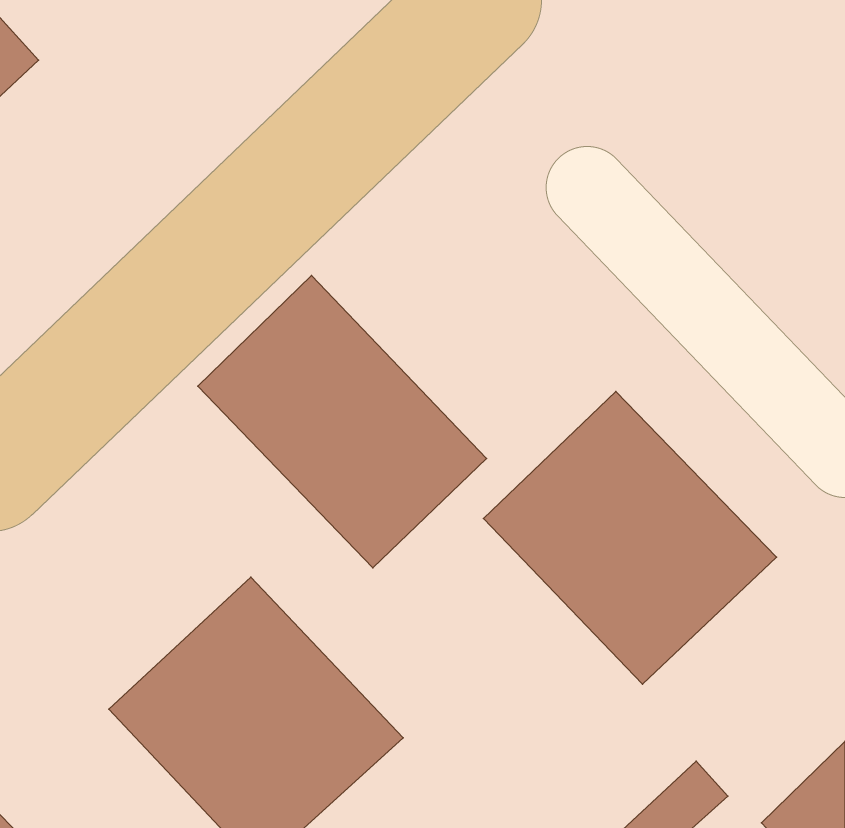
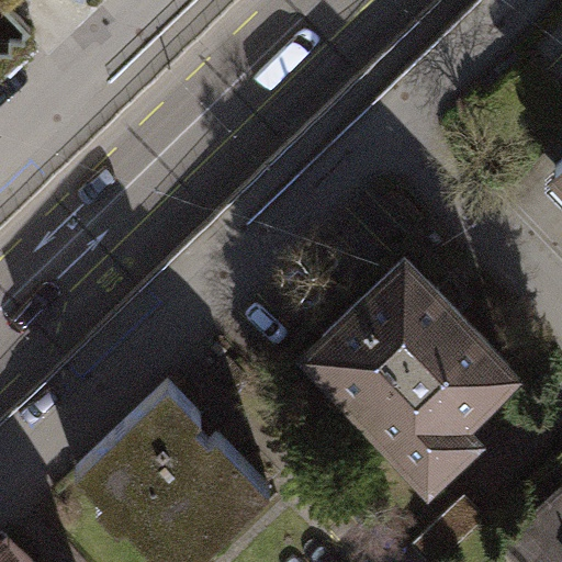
building: [198,275,487,568] -> none

